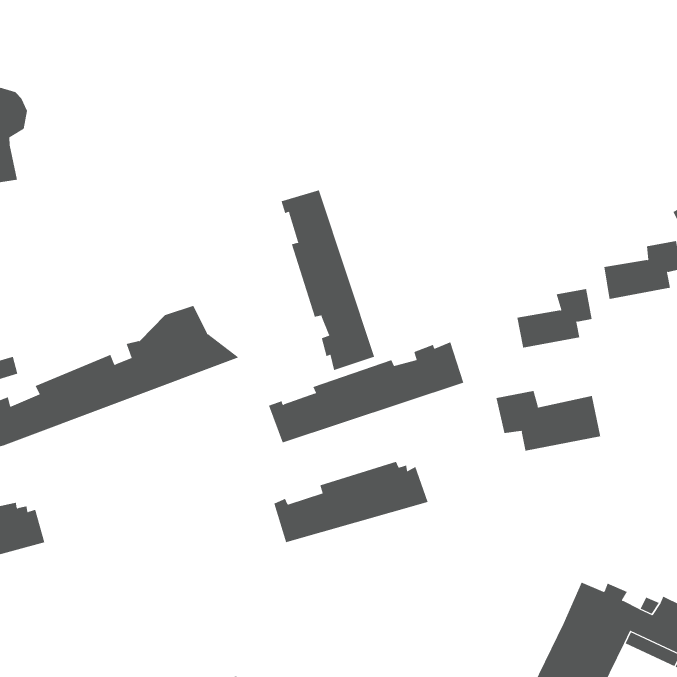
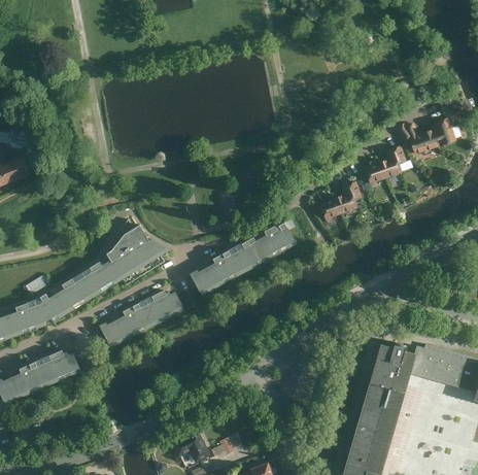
building: [281,190,375,371] -> none
building: [496,390,601,451] -> none
building: [273,461,429,543] -> [100,291,185,346]

